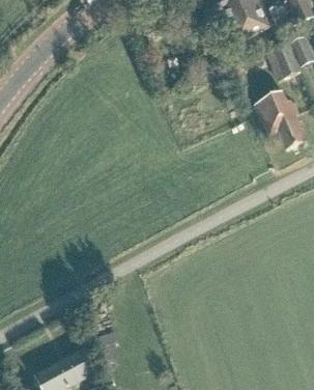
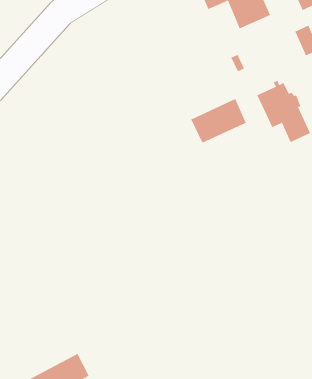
building: [264,40,301,80] -> none
building: none -> [191,98,247,143]

